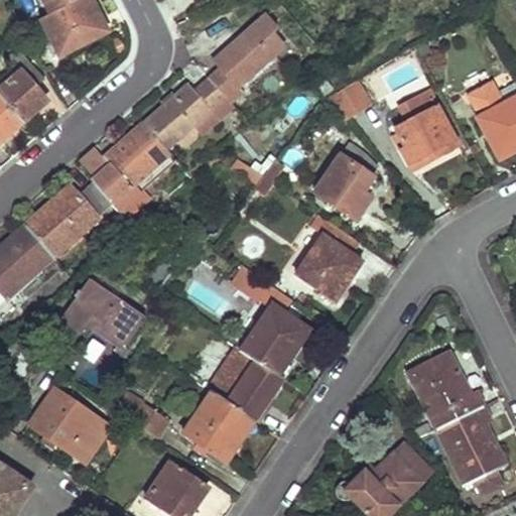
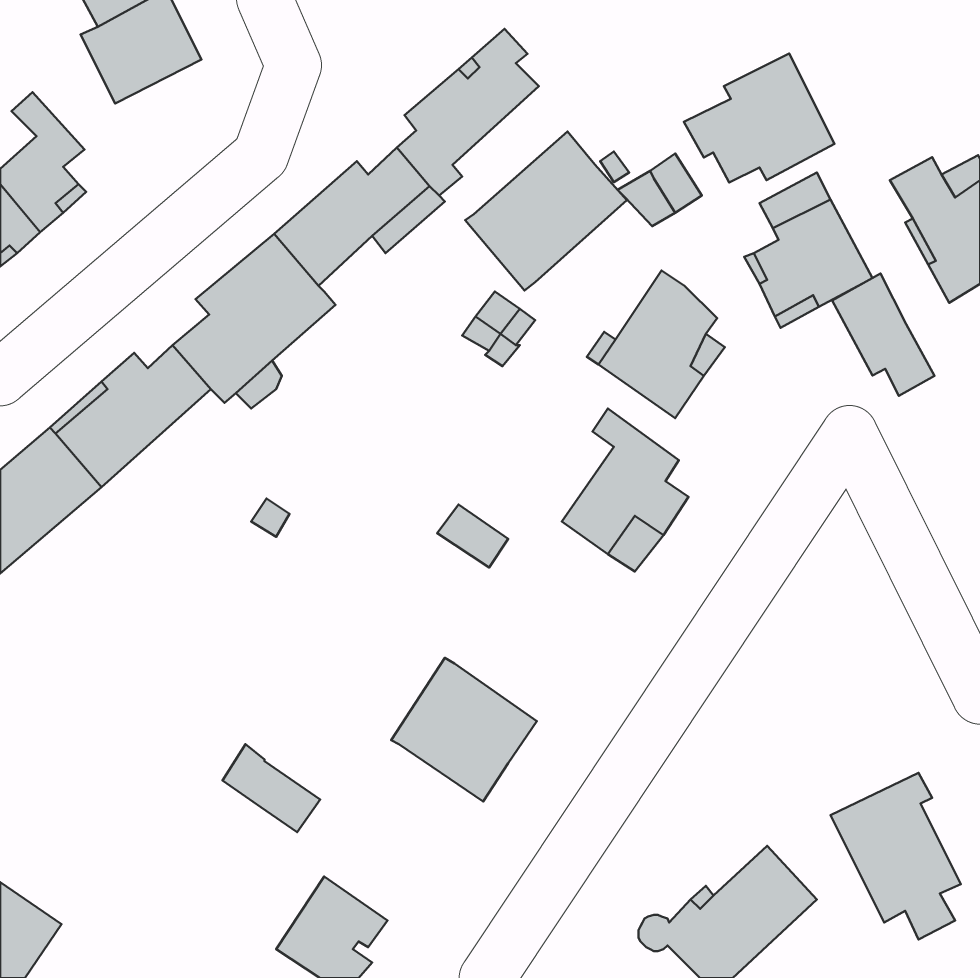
building: none -> [684,53,834,183]
building: none -> [465,132,627,291]
building: none -> [832,274,934,396]
building: [59,279,145,351] -> none
building: [239,303,307,379] -> none
building: [408,353,483,437] -> none
building: [29,389,110,464] -> none
building: [181,391,254,463] -> none

